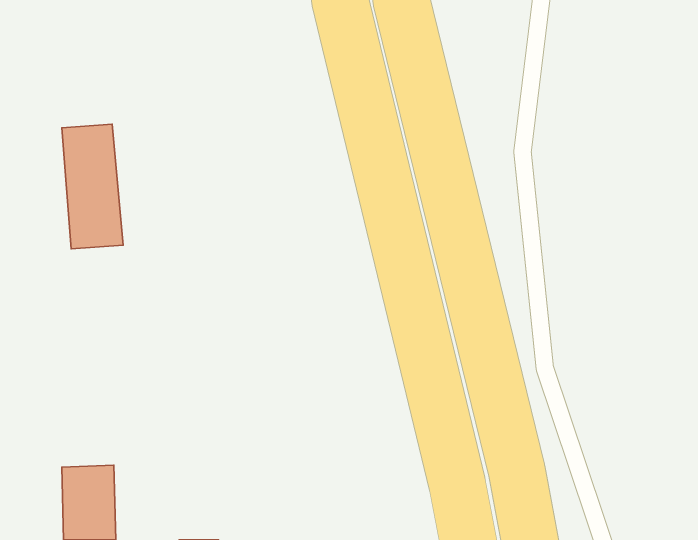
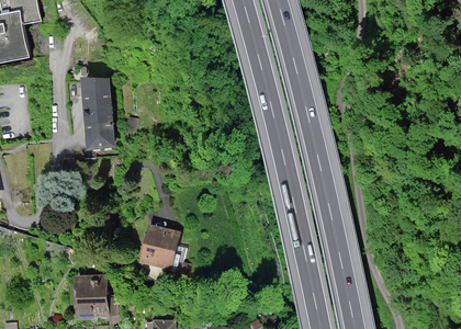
building: none -> [139,226,177,265]

